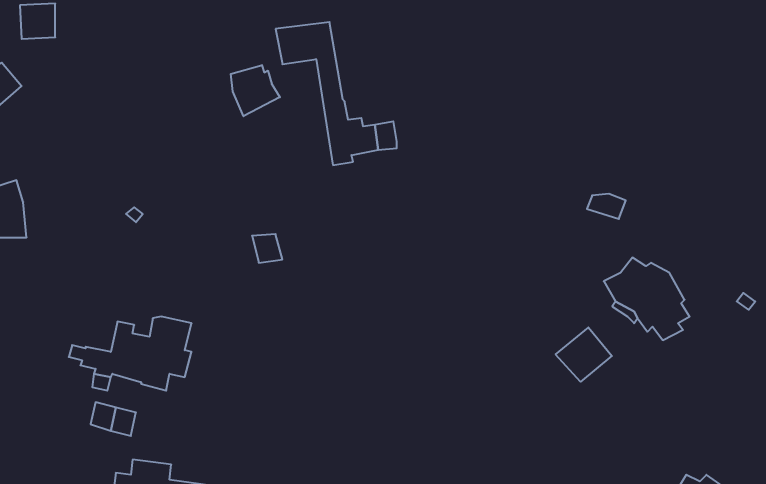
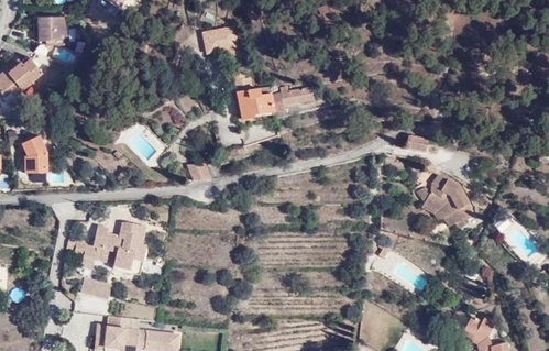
building: [231,65,280,116] -> none
building: none -> [268,84,312,105]
building: [556,327,612,382] -> none

